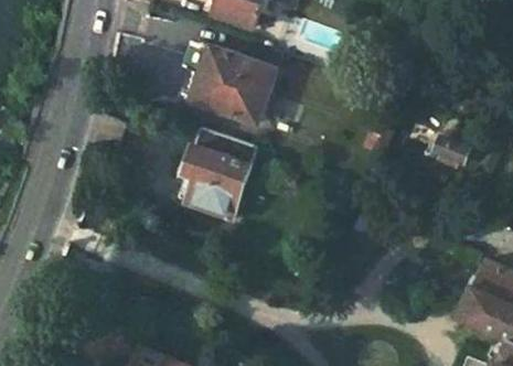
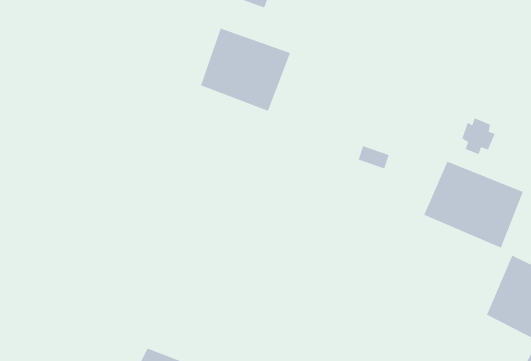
building: [181,128,255,219] -> none
building: none -> [424,161,523,248]

